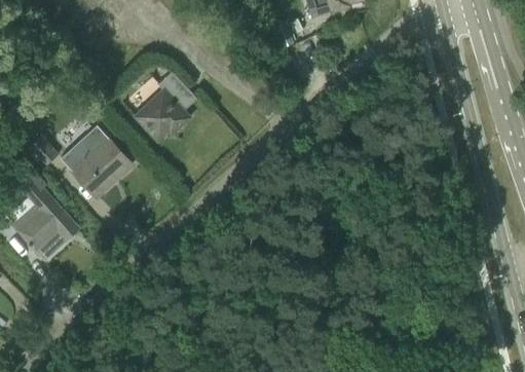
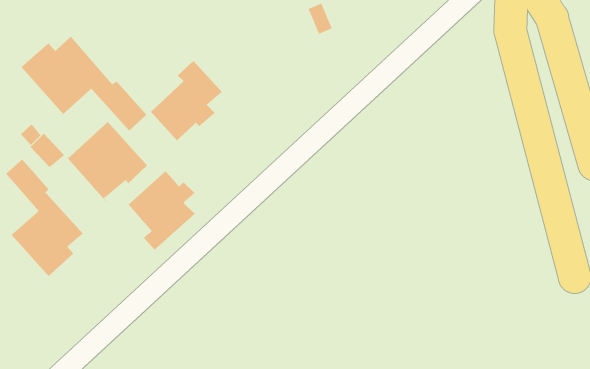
building: none -> [20,36,147,132]
building: none -> [128,171,196,251]

